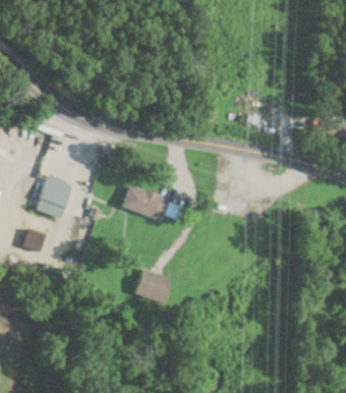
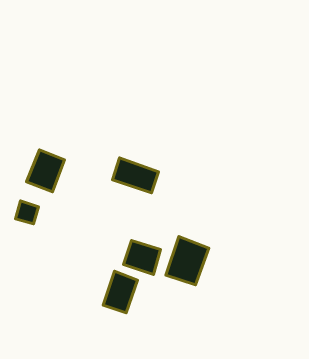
building: none -> [166,236,209,285]
building: none -> [103,271,138,313]

